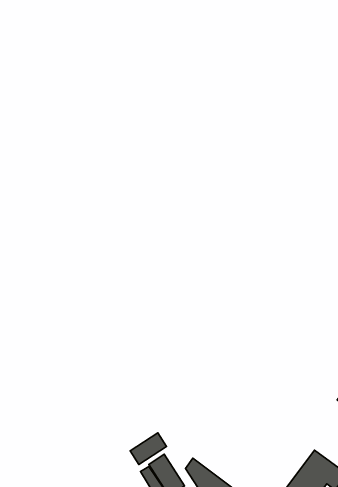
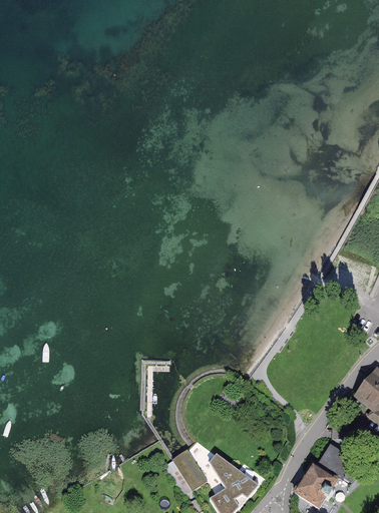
building: [130,433,167,464] -> none

